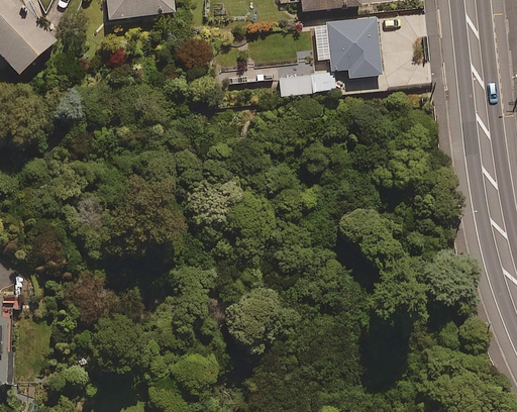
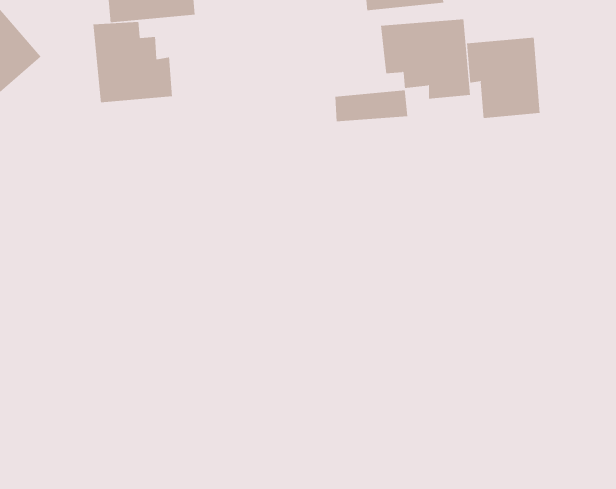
building: none -> [93,21,173,103]
building: none -> [466,37,540,119]

